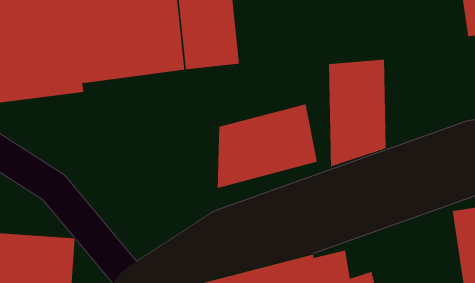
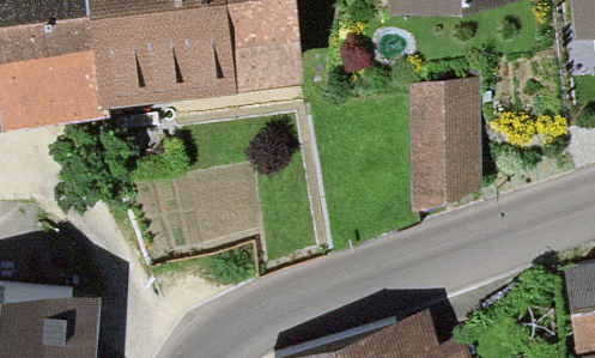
building: [217,104,317,189] -> none

